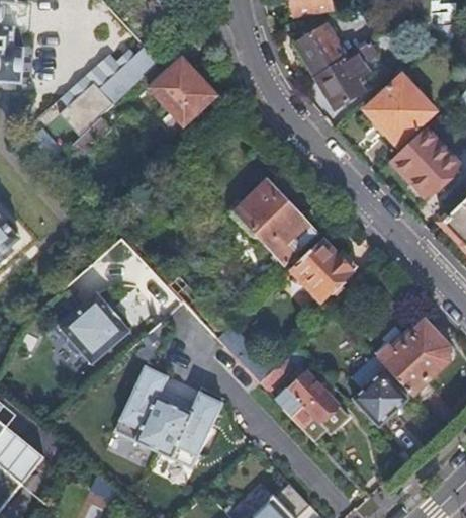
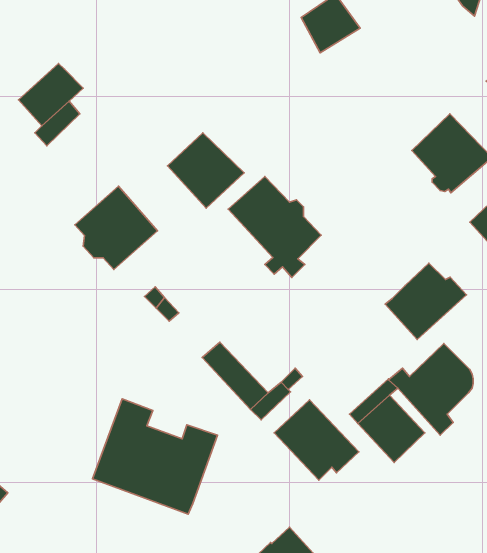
building: [314,38,377,105] -> none
building: [95,46,155,103] -> none
building: [152,57,217,121] -> [167,133,244,208]
building: [367,74,436,141] -> none
building: [284,236,354,301] -> [385,263,467,340]
building: [57,287,127,359] -> [75,186,157,270]

